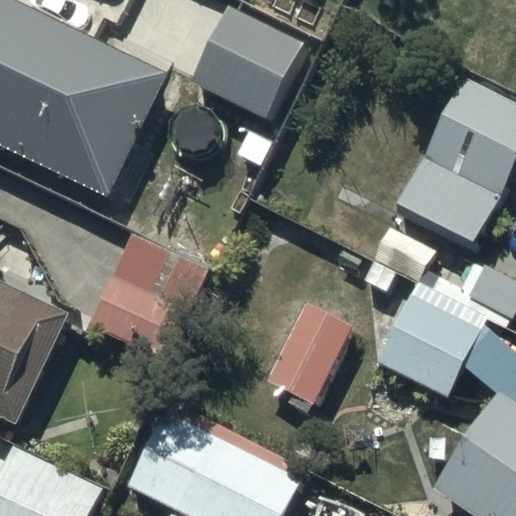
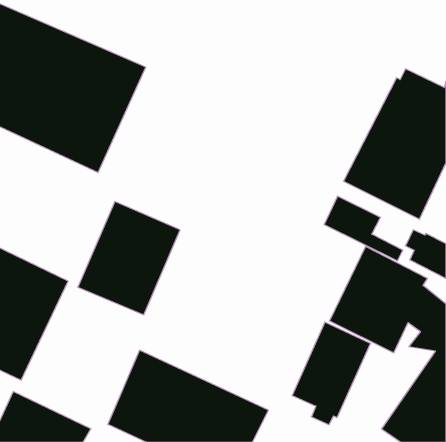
building: [194,5,307,121] -> none
building: [266,300,356,417] -> [292,322,371,425]

